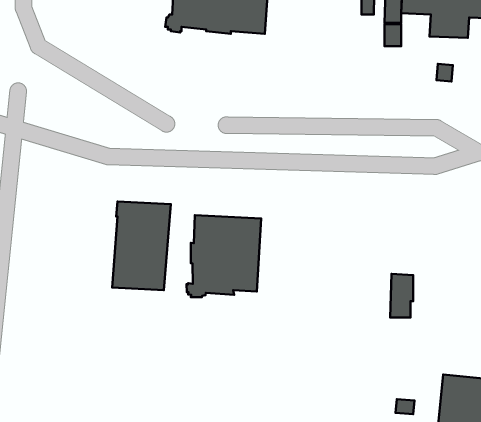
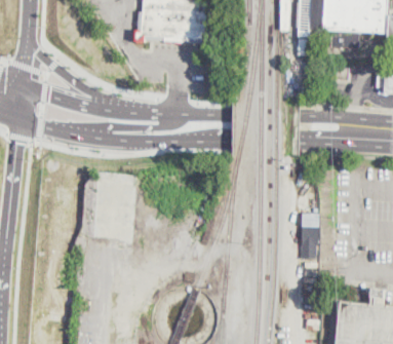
building: [186,215,261,297] -> none

